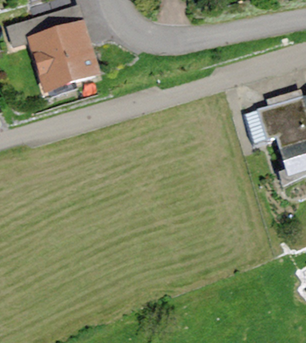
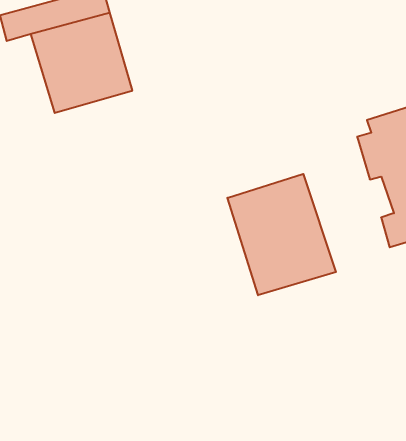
building: none -> [227,174,336,295]

